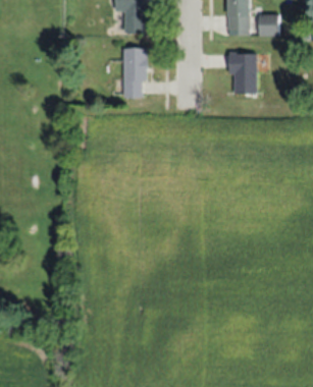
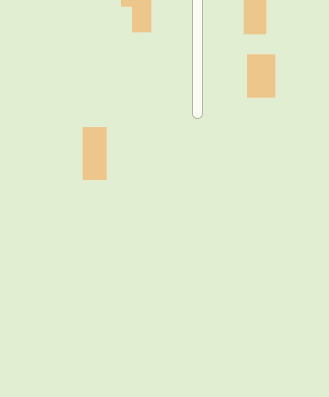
building: [259,14,278,36] -> none
building: [123,48,147,98] -> [82,126,107,181]

